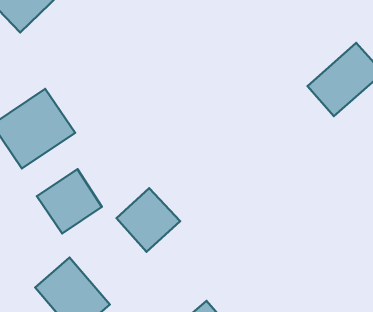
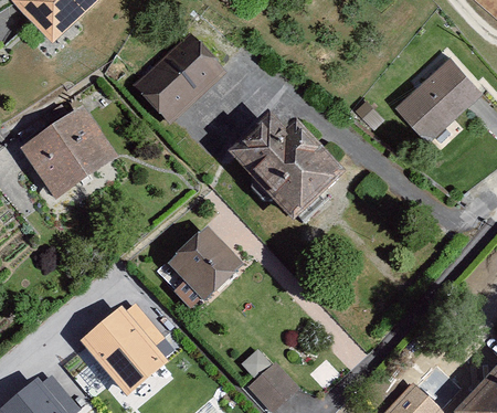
building: none -> [134,32,226,124]
building: none -> [232,115,347,221]
building: [37,169,102,233] -> none

